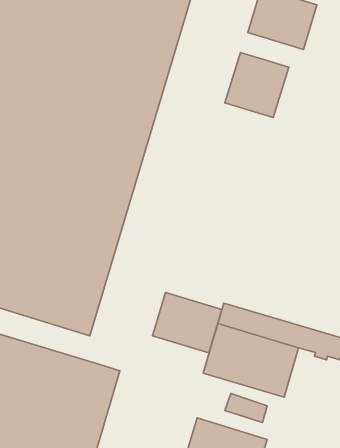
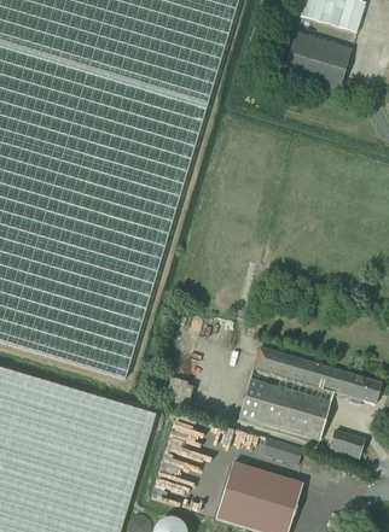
building: [225,53,289,117] -> none
building: [153,293,222,353] -> none
building: none -> [329,429,365,458]

